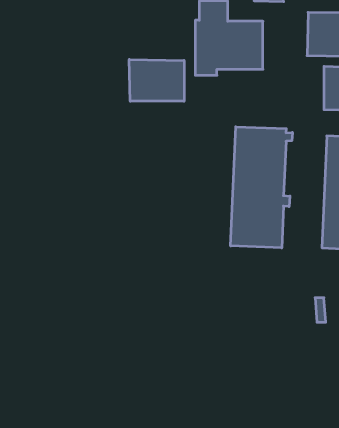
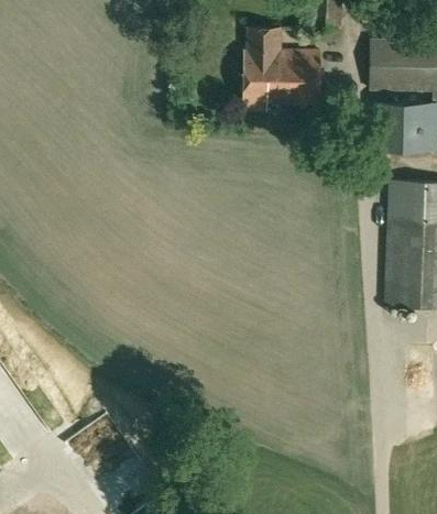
building: [129,59,184,101] -> none
building: [231,127,292,248] -> none

